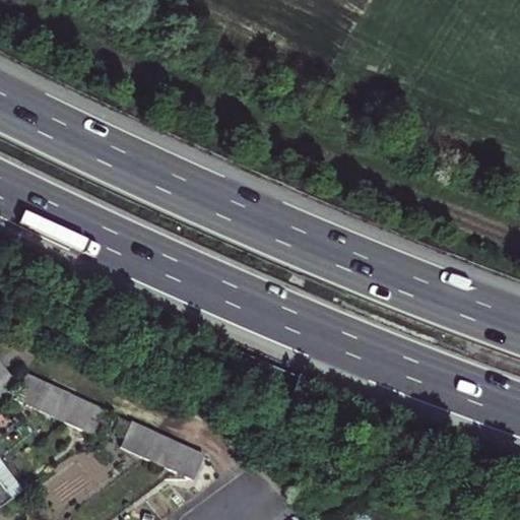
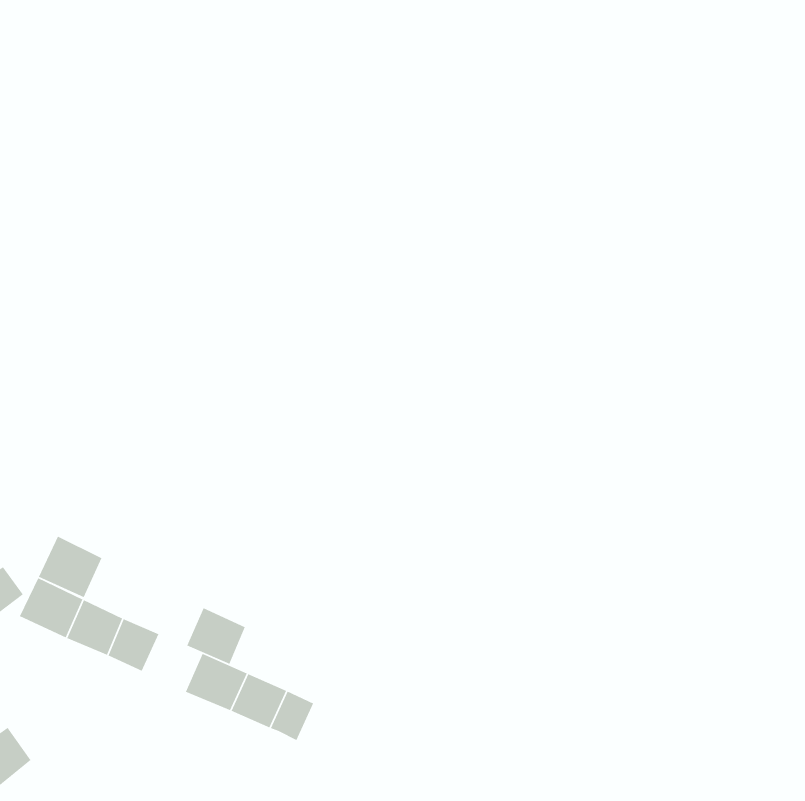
building: none -> [38,535,102,598]
building: none -> [186,607,246,665]

